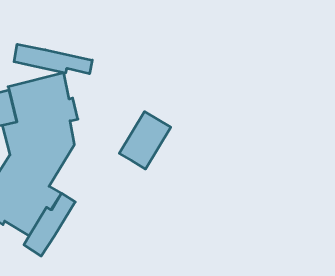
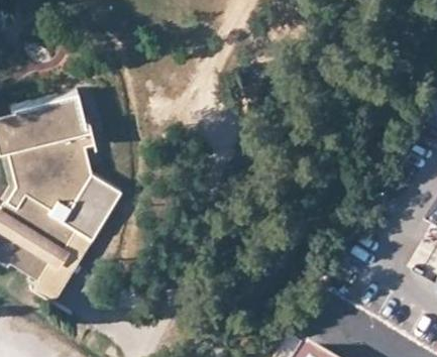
building: [14,44,92,74] -> none
building: [119,112,171,169] -> [62,170,121,237]

